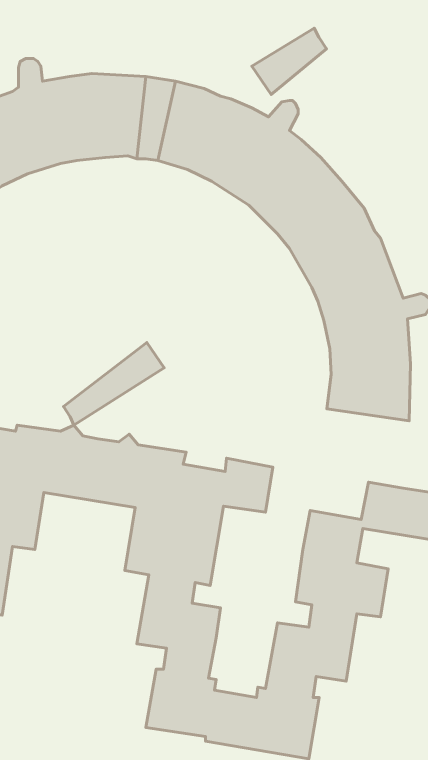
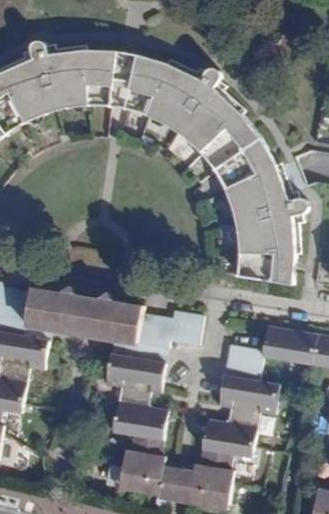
building: [252,28,326,95] -> none
building: [64,343,164,425] -> none

